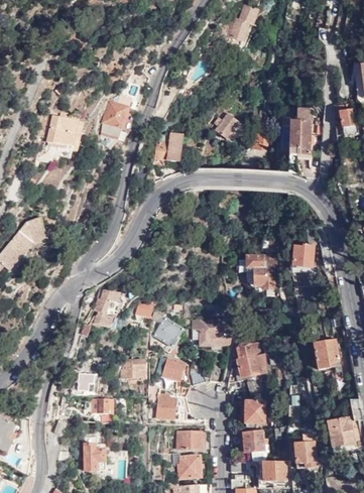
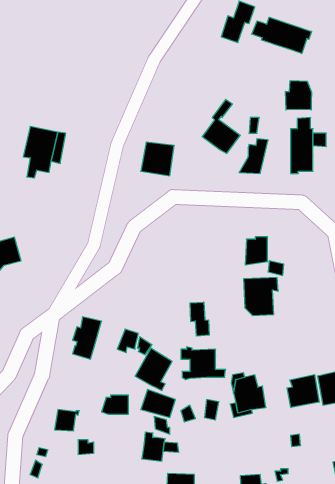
building: none -> [252,17,312,54]
building: none -> [285,81,311,110]
building: [102,106,129,148] -> none
building: [294,247,315,272] -> [245,237,268,265]
building: none -> [190,302,209,336]
building: none -> [287,375,319,408]
building: [238,399,265,429] -> none

